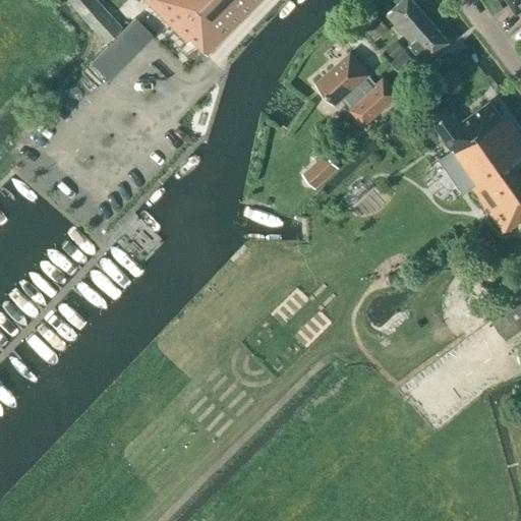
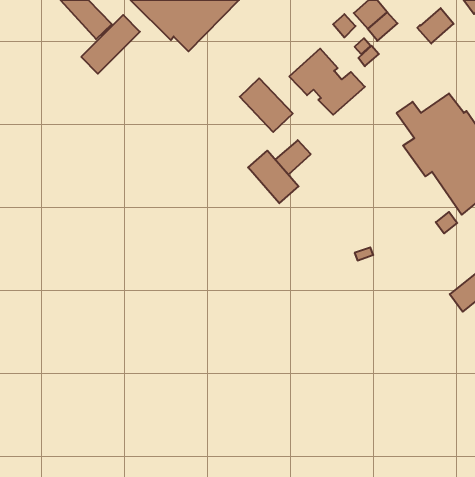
building: [410,25,450,64] -> [417,8,454,44]
building: none -> [240,78,293,132]
building: none -> [248,151,299,203]

